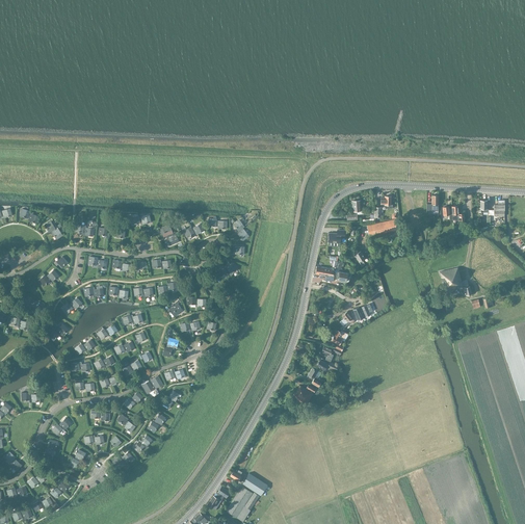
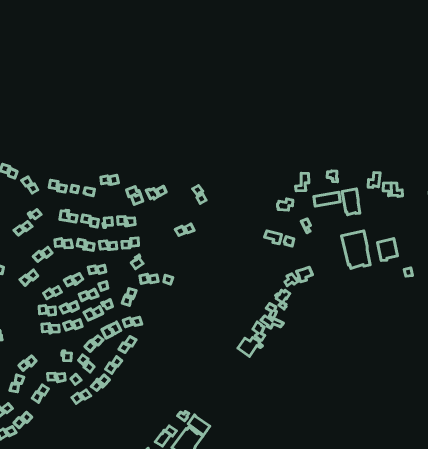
building: none -> [342,189,360,215]
building: none -> [342,231,370,269]

